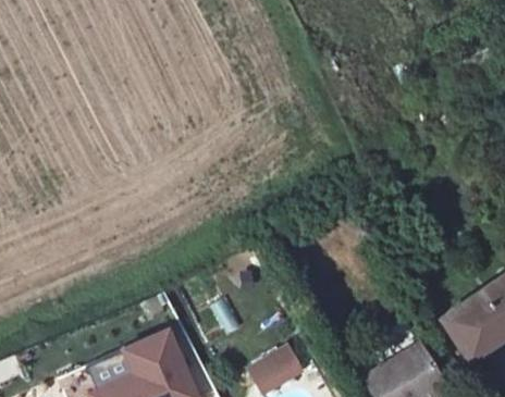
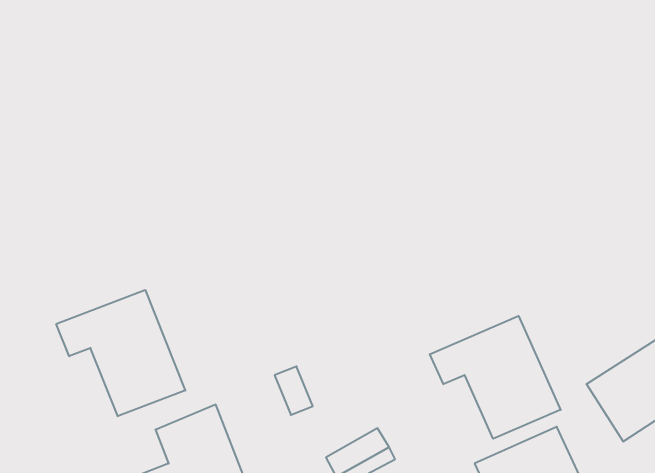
building: none -> [56,290,185,416]
building: none -> [430,316,561,439]

